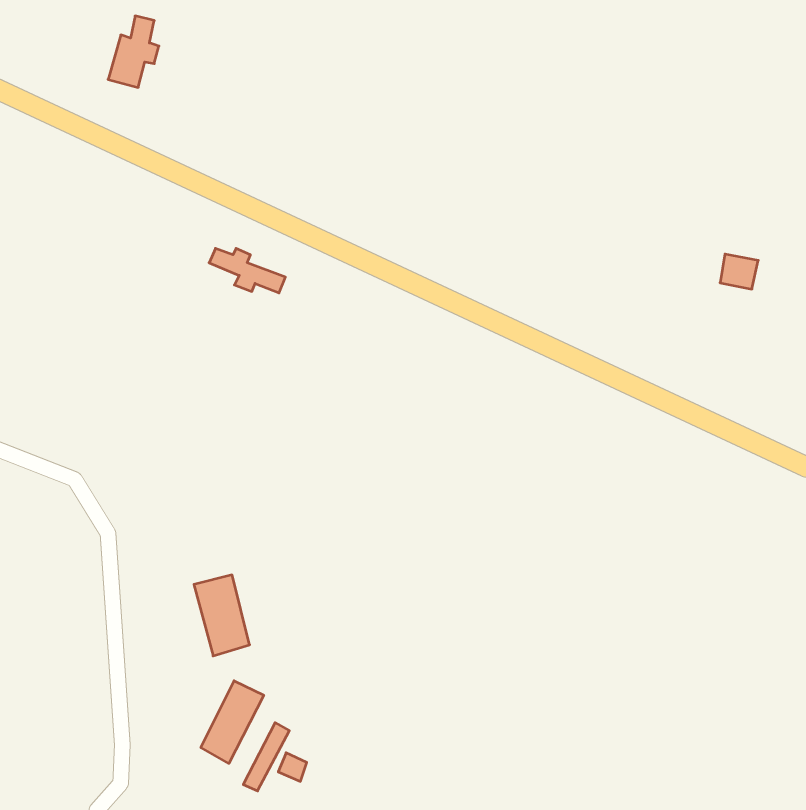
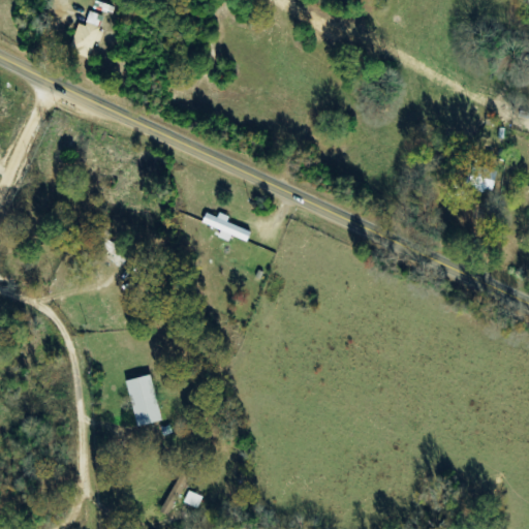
building: [209,248,285,293] -> [201,213,251,242]
building: [201,681,264,763] -> none

